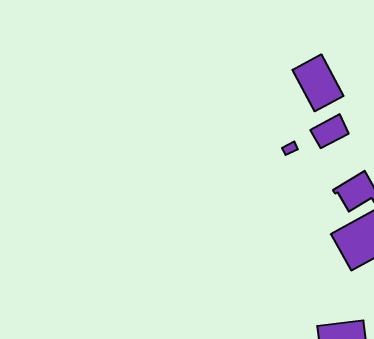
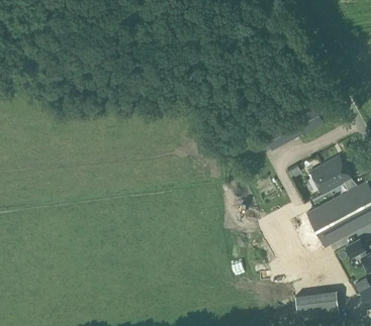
building: [292,54,344,111] -> none

